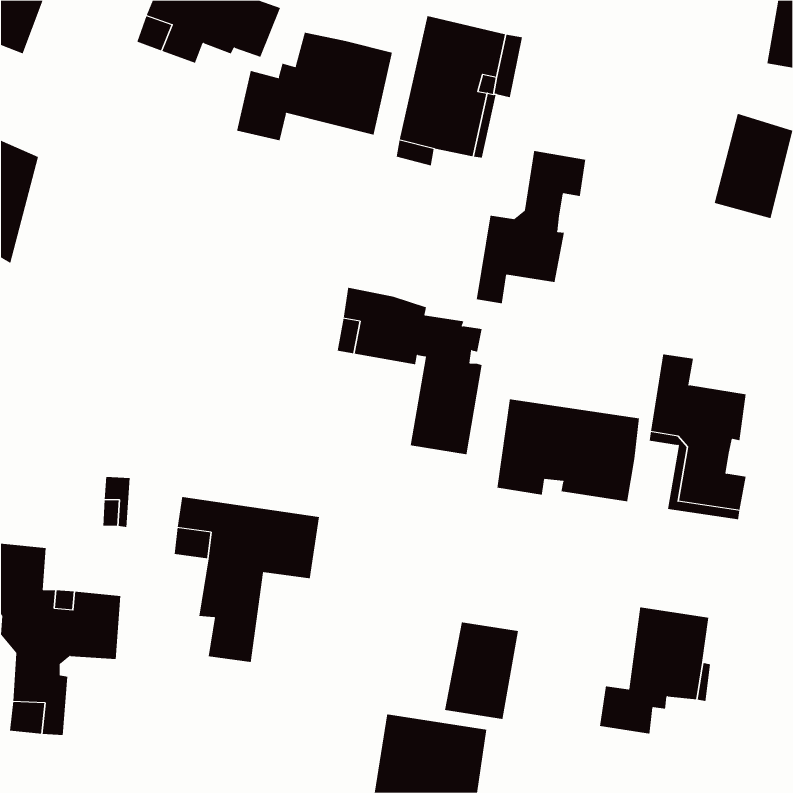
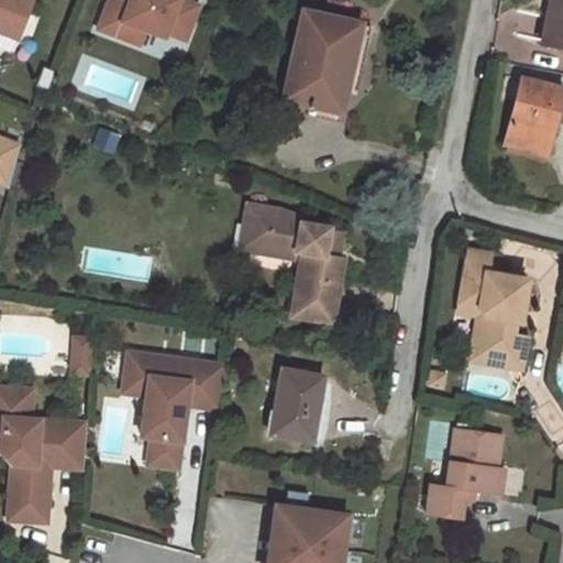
building: [236,32,393,141] -> none
building: [476,150,586,304] -> none
building: [497,398,640,502] -> none
building: [444,622,519,719] -> [269,372,322,441]

